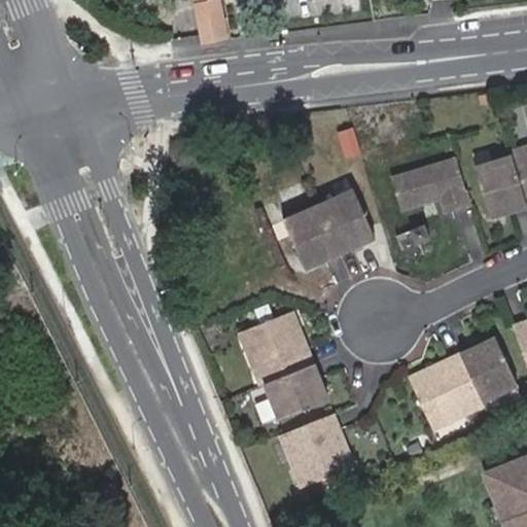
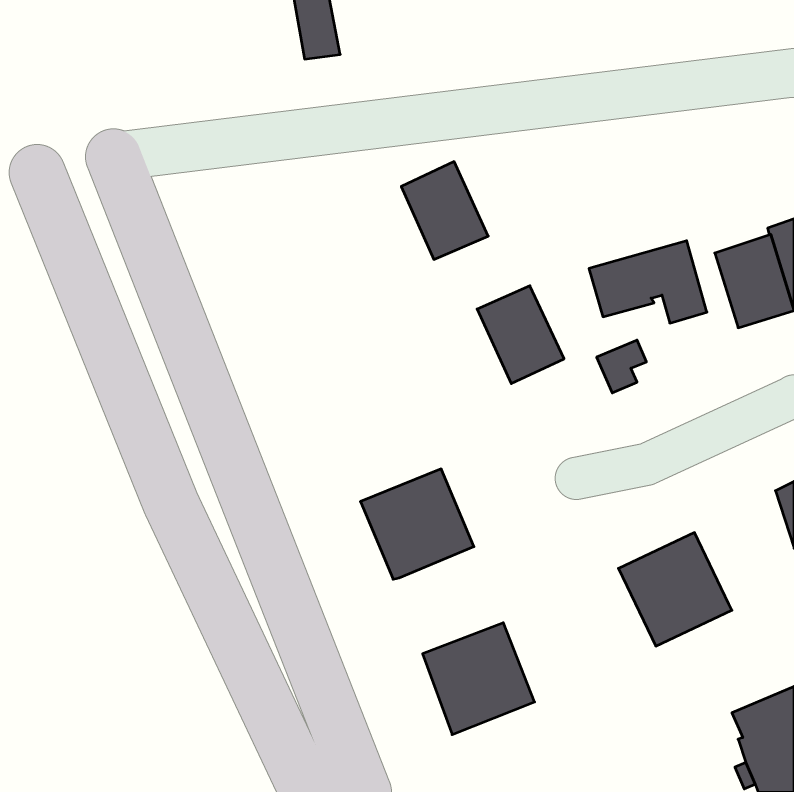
building: [281,205,339,270] -> [401,162,488,259]
building: [460,336,518,400] -> none
building: [265,362,328,418] -> none

